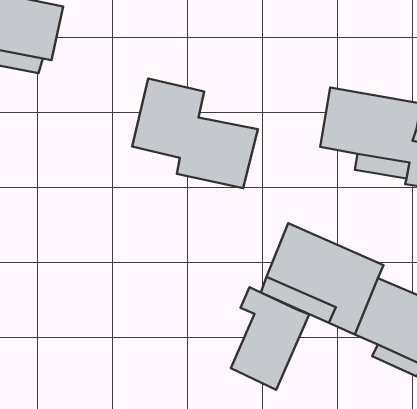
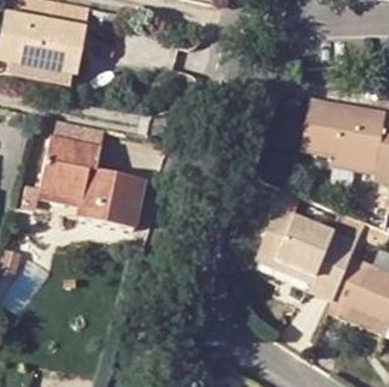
building: [132,79,258,188] -> [45,141,149,232]
building: [231,287,309,390] -> none

